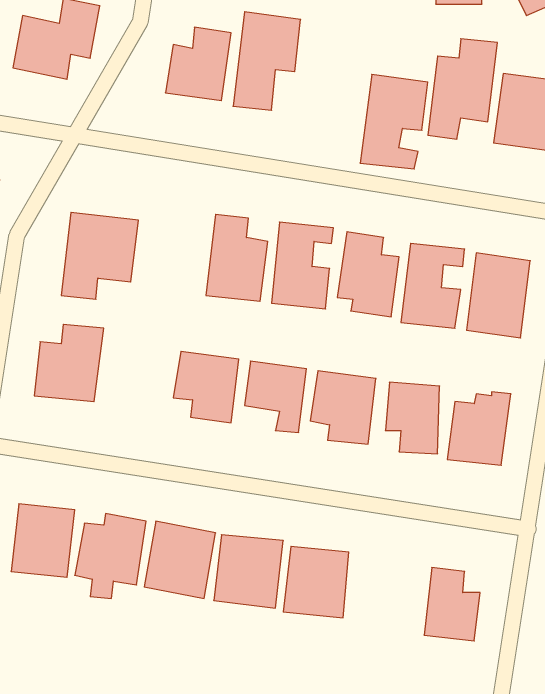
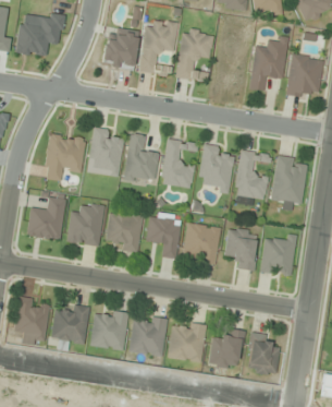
building: [360,74,428,169] -> [175,28,213,82]
building: none -> [89,128,122,176]
building: none -> [66,203,104,247]
building: none -> [208,328,244,370]

